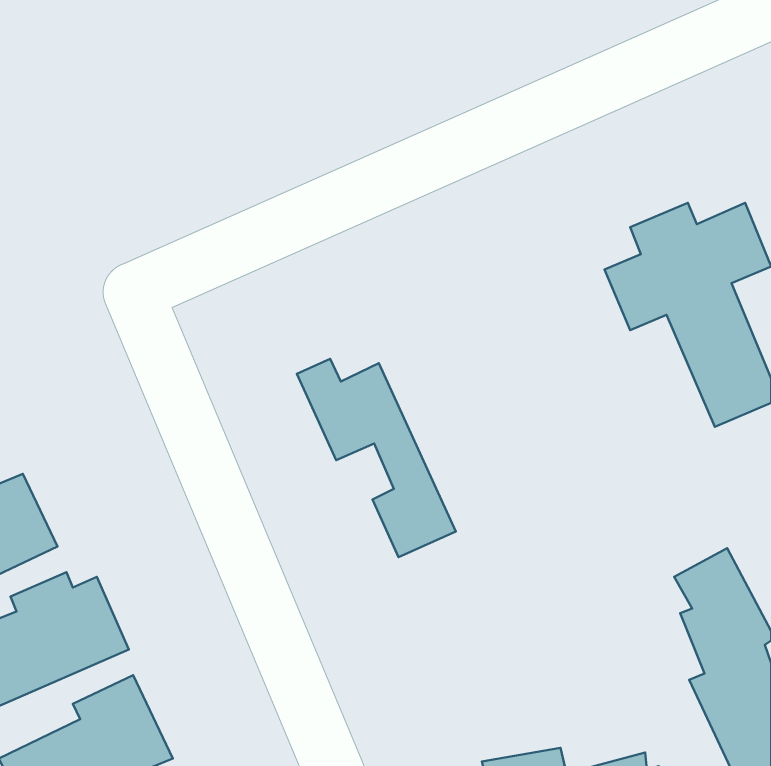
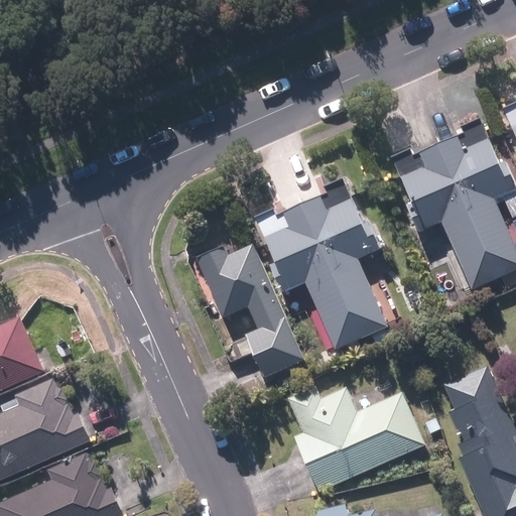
building: none -> [269,199,384,346]
building: none -> [290,388,420,489]

